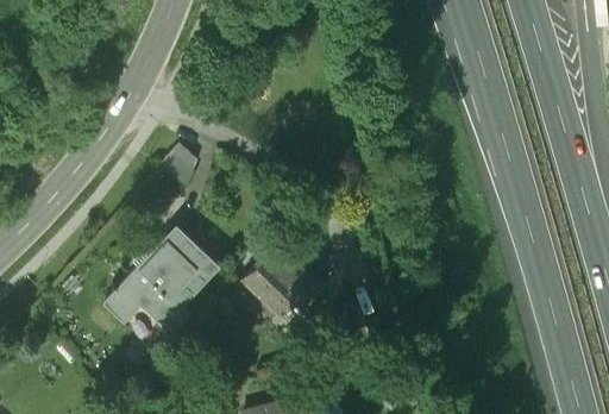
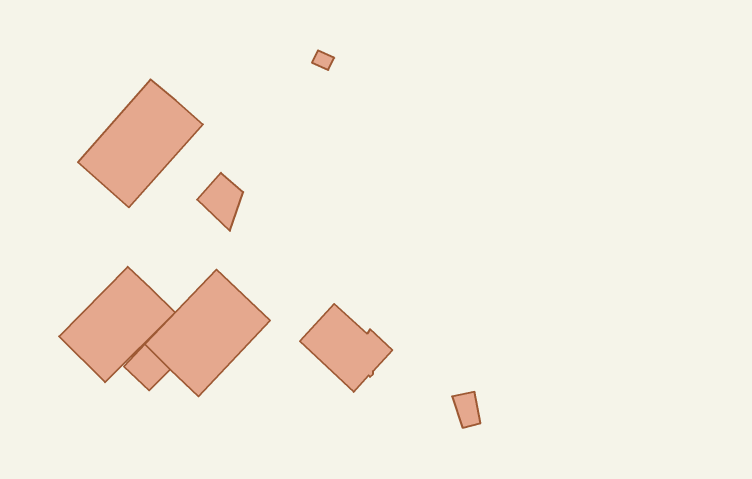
building: none -> [78,79,203,207]
building: none -> [59,267,175,382]

